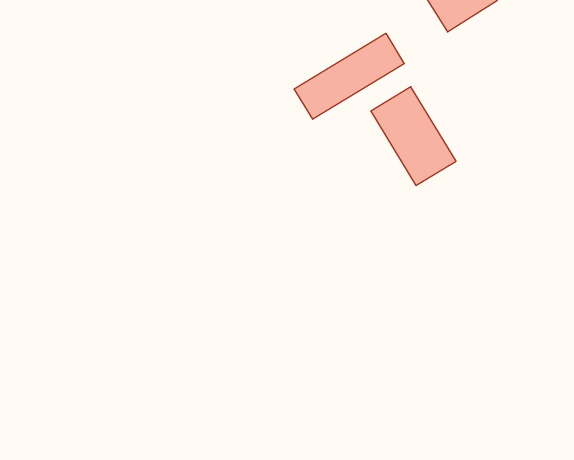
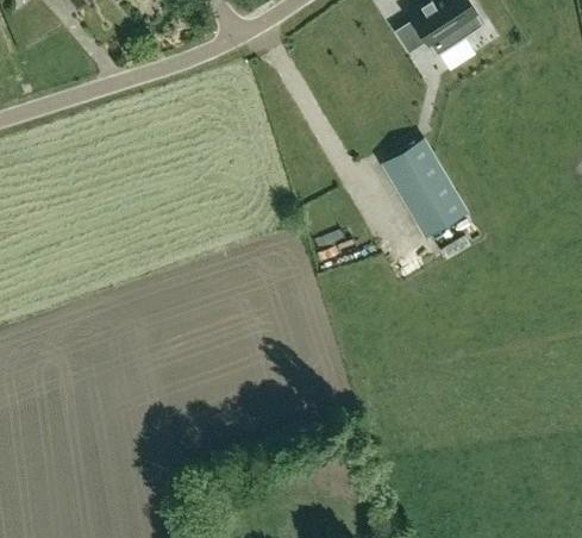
building: [294,33,404,119] -> none

